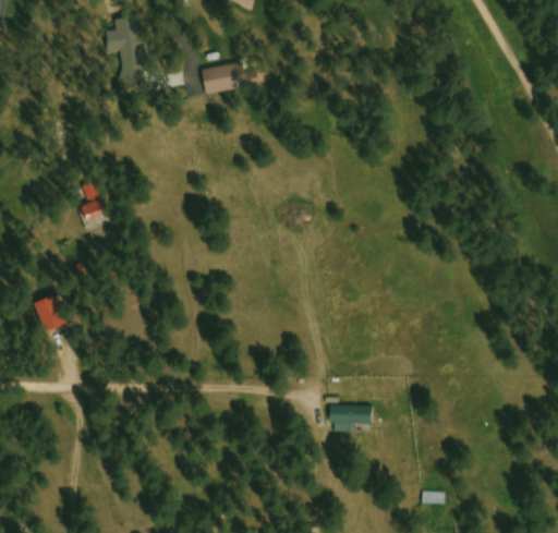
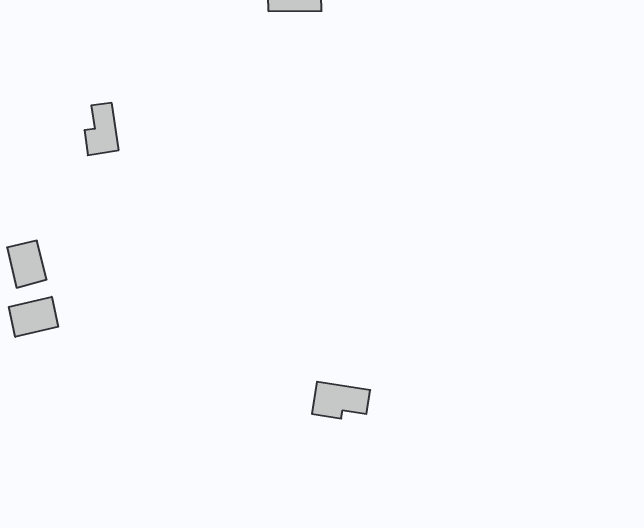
building: none -> [9,297,58,337]
building: [330,405,372,431] -> [312,382,370,419]

